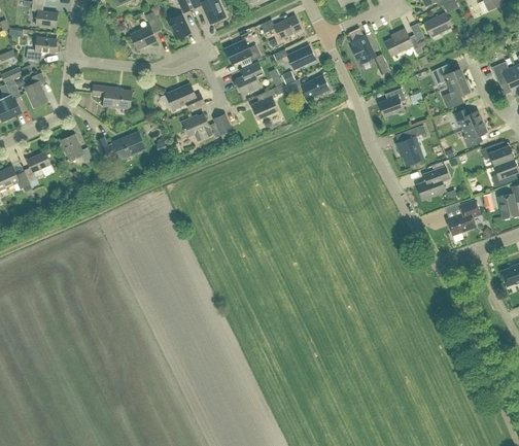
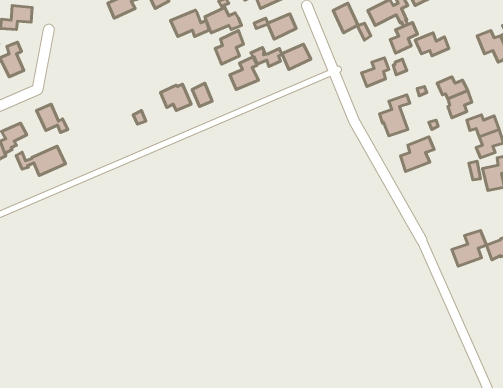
building: [442,79,469,109] -> [390,23,418,53]
building: [165,83,203,109] -> [170,10,209,36]
building: [92,85,131,108] -> none
building: [97,132,145,161] -> [16,146,65,175]
building: [446,200,480,235] -> [452,230,487,266]

